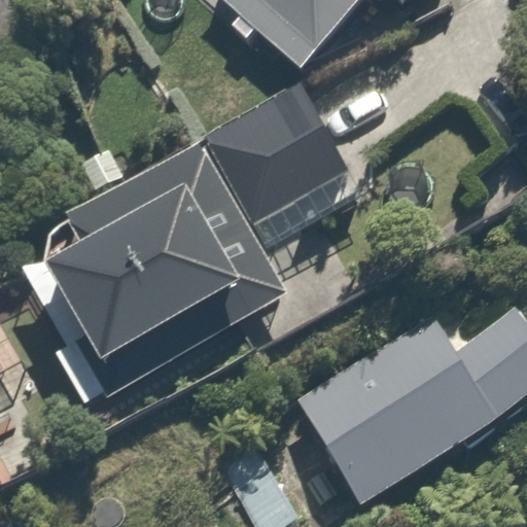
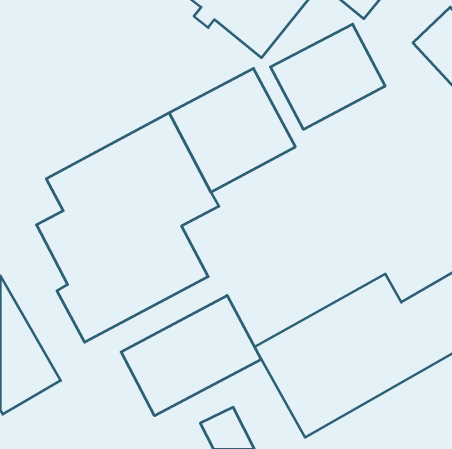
building: none -> [270,24,385,129]
building: none -> [121,295,261,416]

